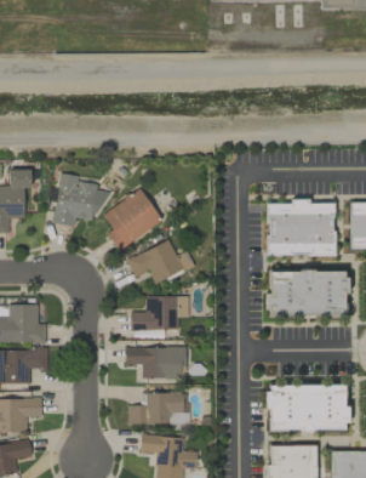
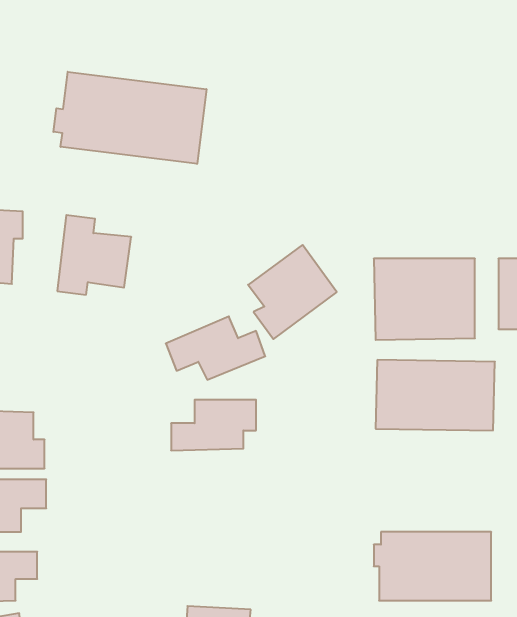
building: none -> [53,72,206,164]
building: [103,188,162,251] -> [248,245,337,339]
building: [125,346,185,377] -> none
building: [128,393,188,425] -> none

